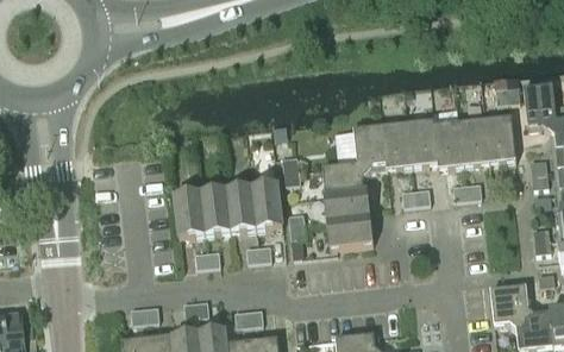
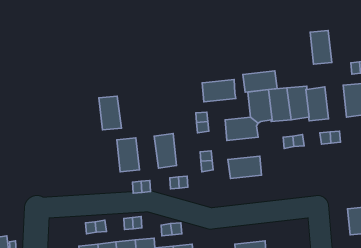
building: none -> [243,71,277,92]
building: [459,118,489,164] -> [310,30,332,64]
building: [251,182,282,228] -> none
building: [200,188,231,234] -> [99,96,121,130]
building: [324,189,370,220] -> [202,79,236,102]

